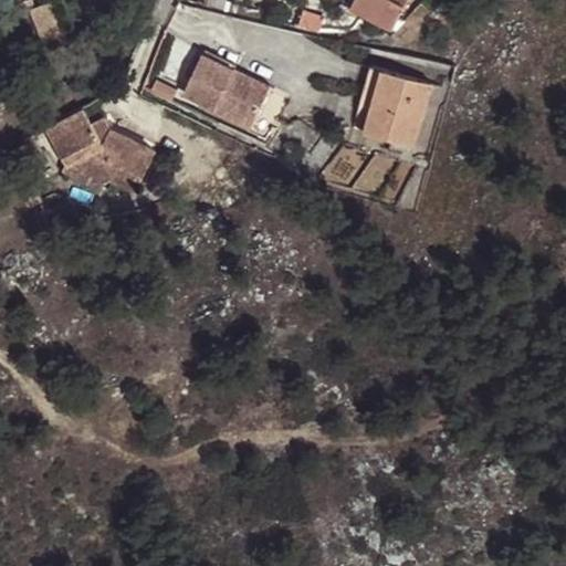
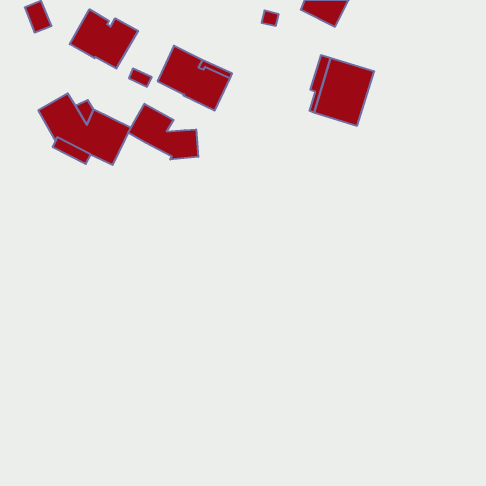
building: none -> [70,9,138,69]
building: none -> [128,104,198,160]

